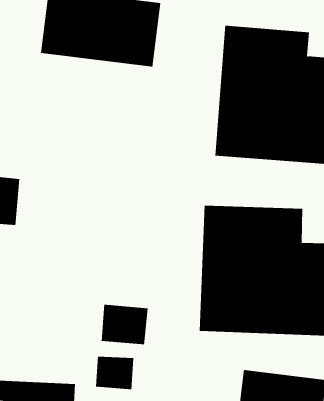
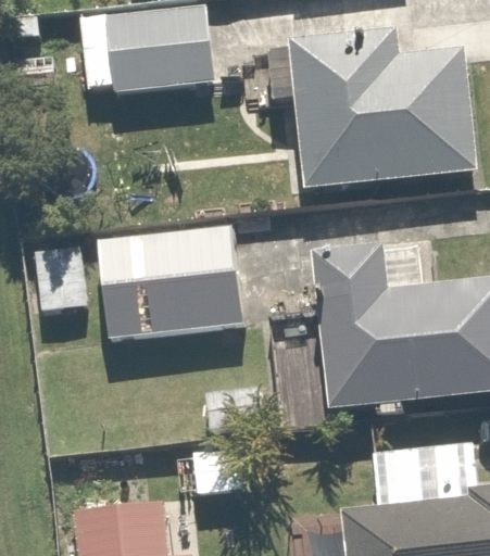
building: none -> [88,256,240,354]

